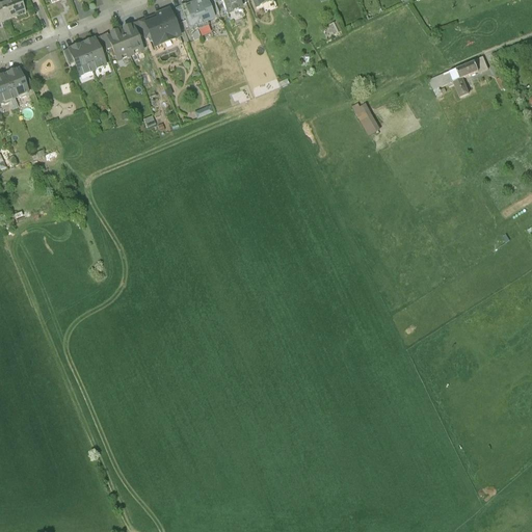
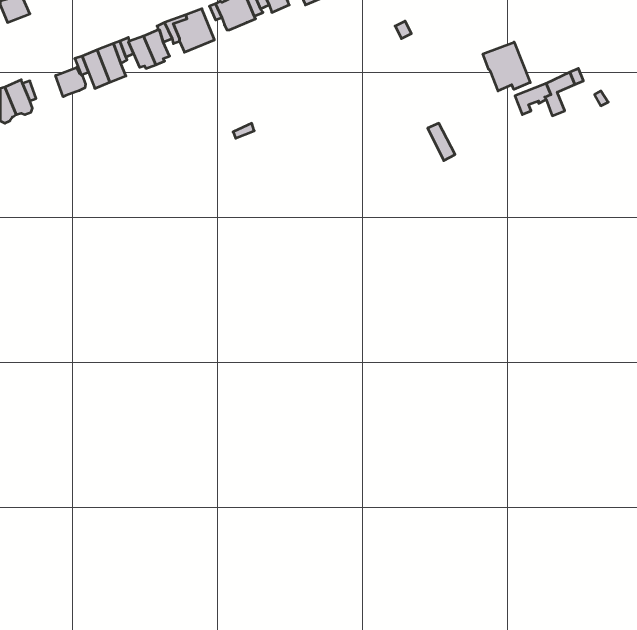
building: none -> [483,42,530,91]
building: none -> [56,67,86,97]

